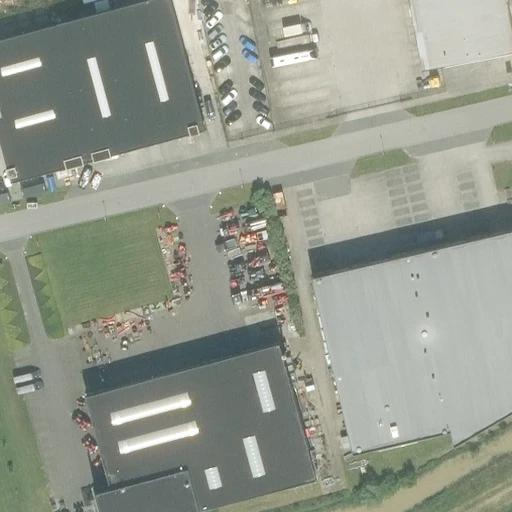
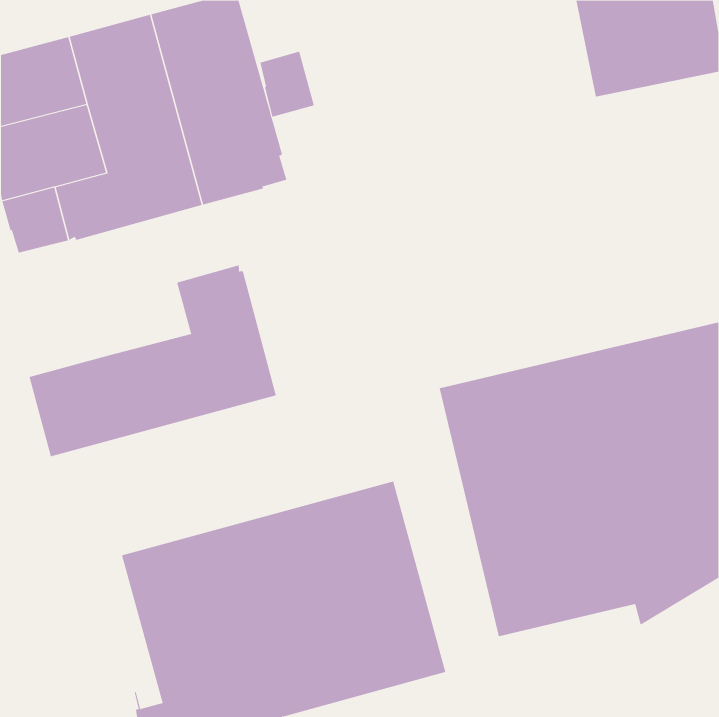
building: none -> [260,51,315,117]
building: none -> [29,265,276,457]

